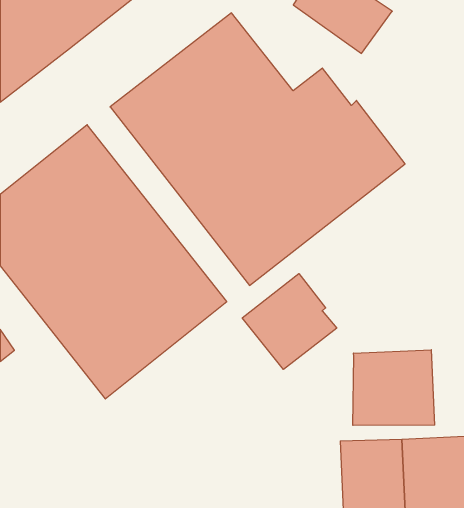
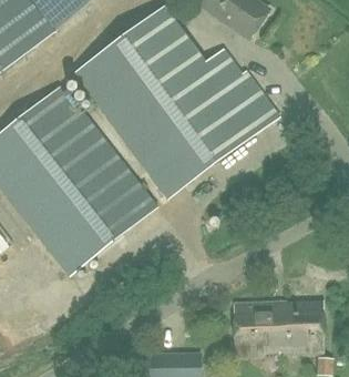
building: [242,274,337,369] -> none
building: [353,350,435,425] -> none

